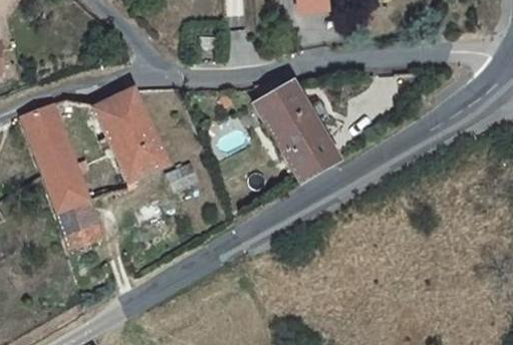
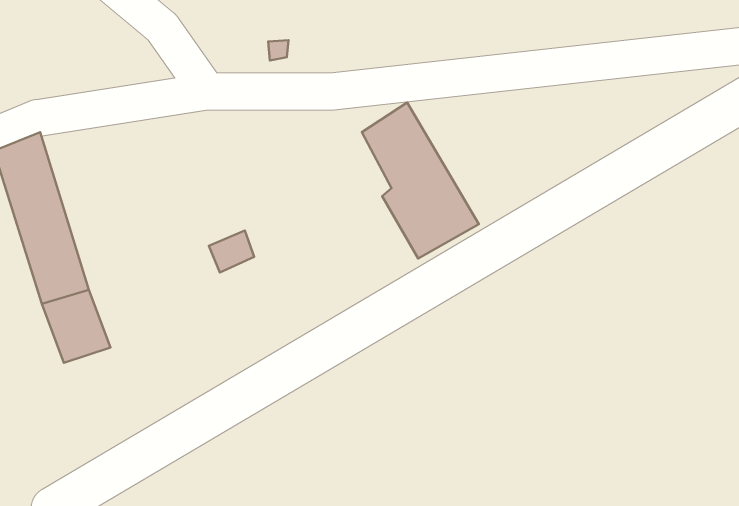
building: [97,88,166,192] -> none

